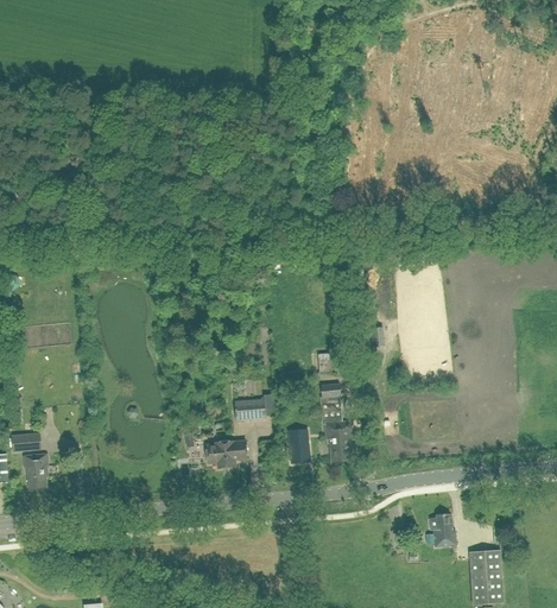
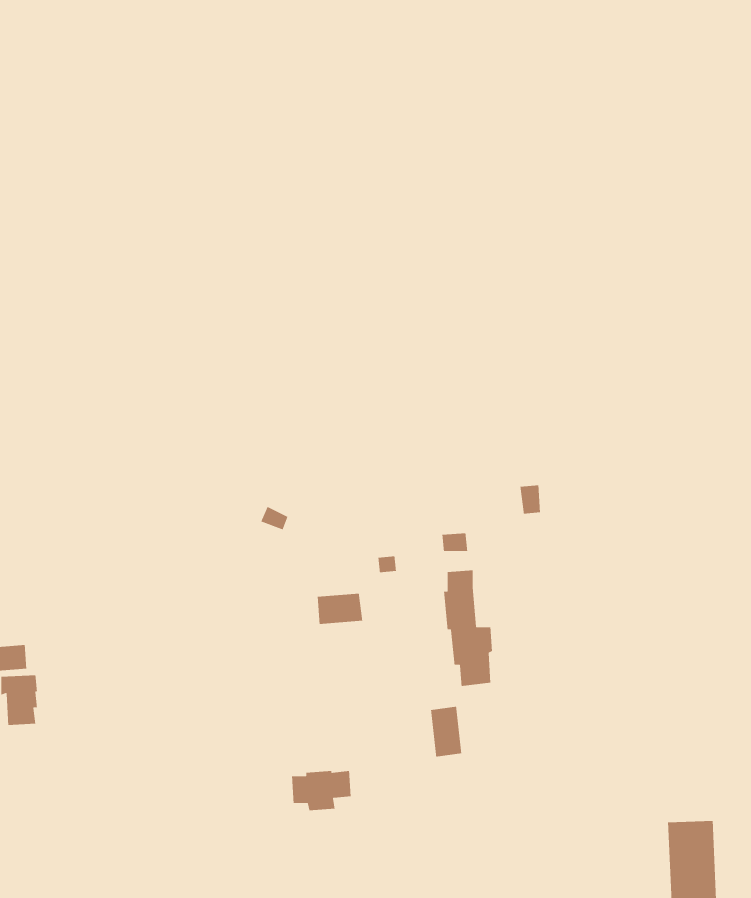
building: [287,428,309,462] -> [430,706,462,757]
building: [205,439,246,467] -> [291,770,352,811]
building: [429,513,455,545] -> none

